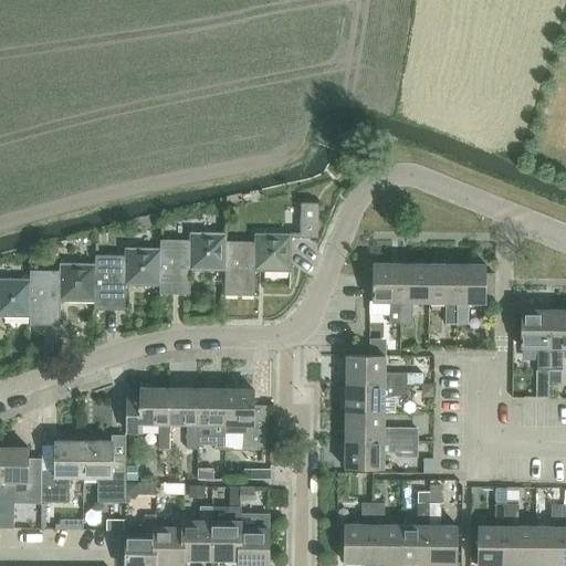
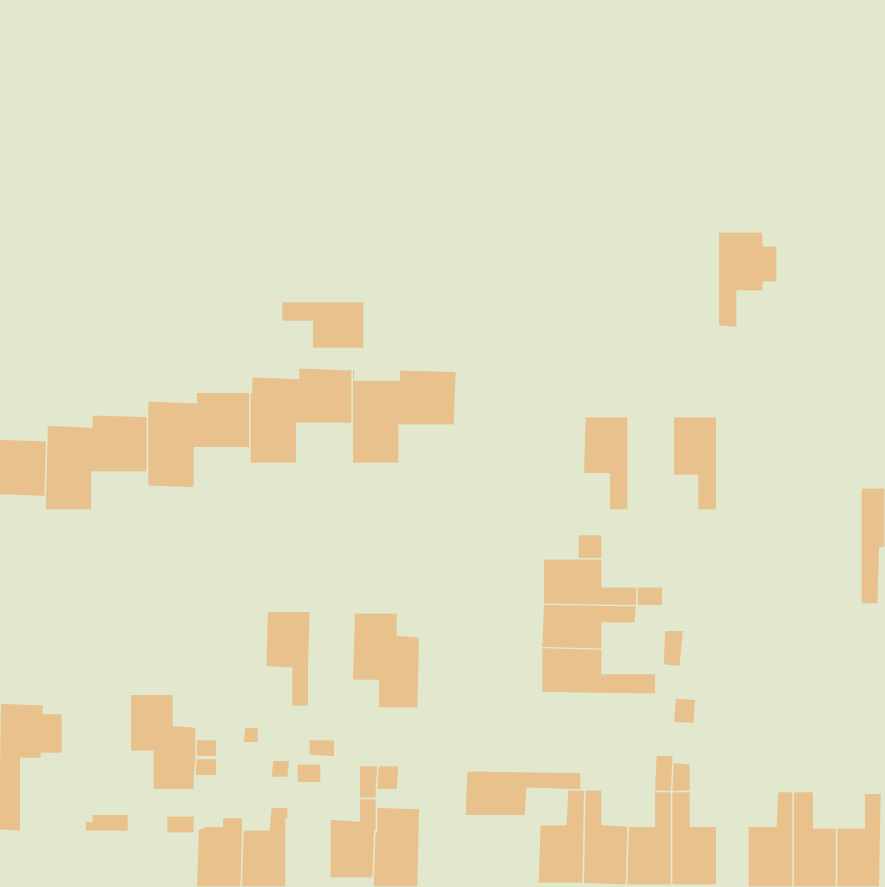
building: none -> [281,302,364,348]
building: [300,203,317,239] -> none
building: [400,265,429,325] -> none
building: [457,265,494,326] -> [718,232,777,327]
building: [520,311,548,370] -> none
building: [126,389,170,450] -> none
building: [197,389,226,450] -> none
building: [40,441,83,503] -> none
building: [344,441,418,470] -> [465,771,581,816]
building: [182,507,211,559] -> none

